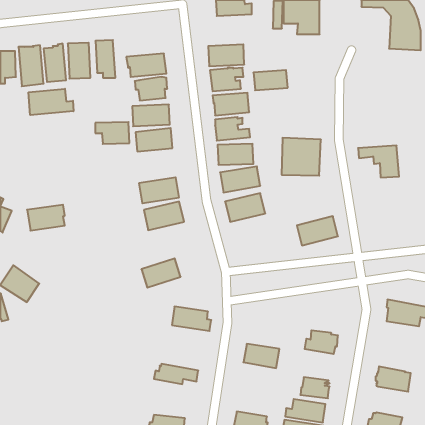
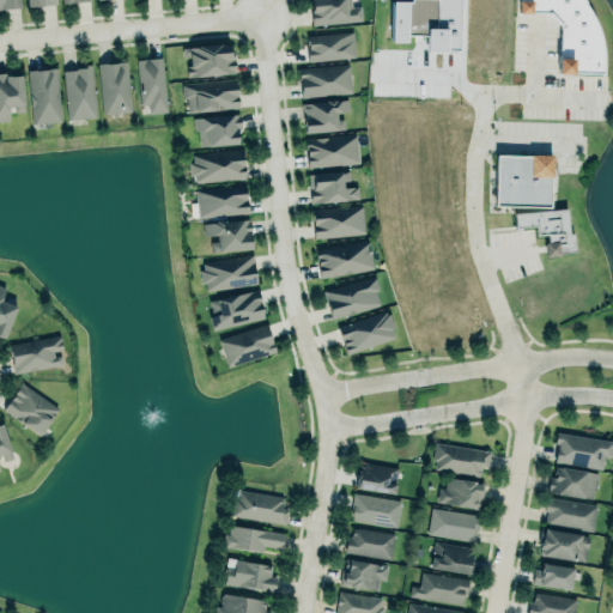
building: none -> [186,47,236,79]
building: [253,70,288,90] -> [309,34,358,62]
building: [29,89,73,115] -> none
building: [95,122,129,144] -> [205,223,254,254]
building: [282,138,321,176] -> [498,154,554,208]
building: [27,205,65,231] -> [11,339,65,376]
building: [297,216,338,245] -> [340,314,399,356]
building: [141,258,181,288] -> [221,326,278,368]
building: [172,307,211,331] -> [235,492,291,527]
building: none -> [436,444,493,478]
building: none -> [358,466,400,496]
building: none -> [550,466,601,500]
building: none -> [546,502,599,533]
building: none -> [430,509,480,542]
building: none -> [348,529,397,562]
building: none -> [226,558,280,594]
building: none -> [344,560,392,593]
building: none -> [534,563,577,591]

